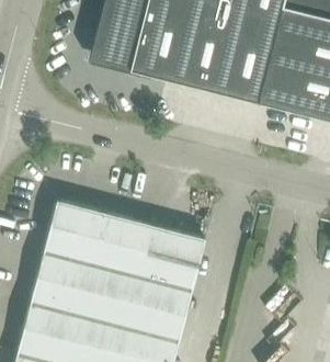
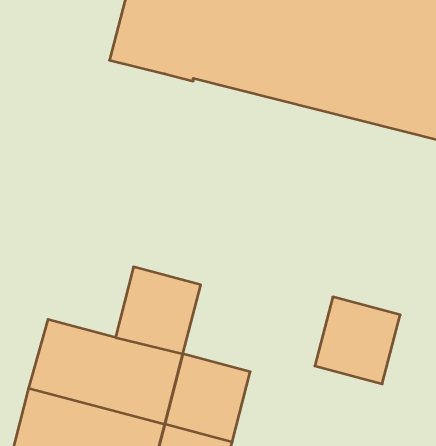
building: [44,199,106,263] -> none
building: [143,225,205,289] -> [315,297,400,384]

